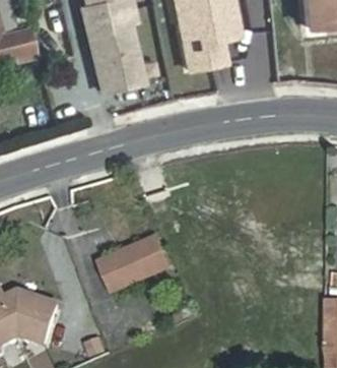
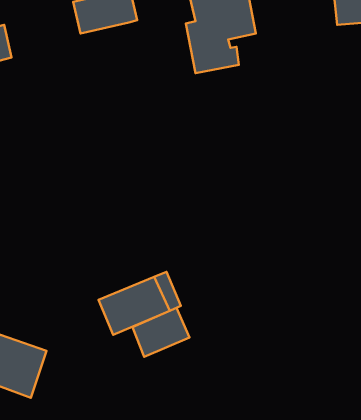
building: [87,26,141,95] -> none
building: none -> [132,308,190,357]

